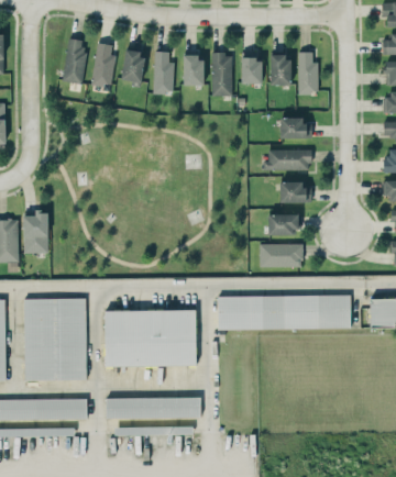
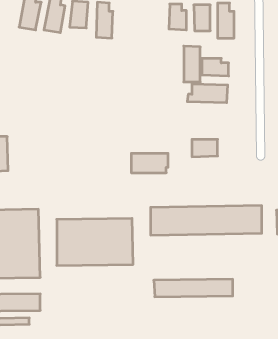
building: [211,53,231,96] -> [184,46,200,82]
building: [183,56,204,85] -> none
building: [279,181,311,203] -> none
building: [260,243,304,266] -> [131,153,168,173]
building: [105,397,199,418] -> [154,279,233,297]

